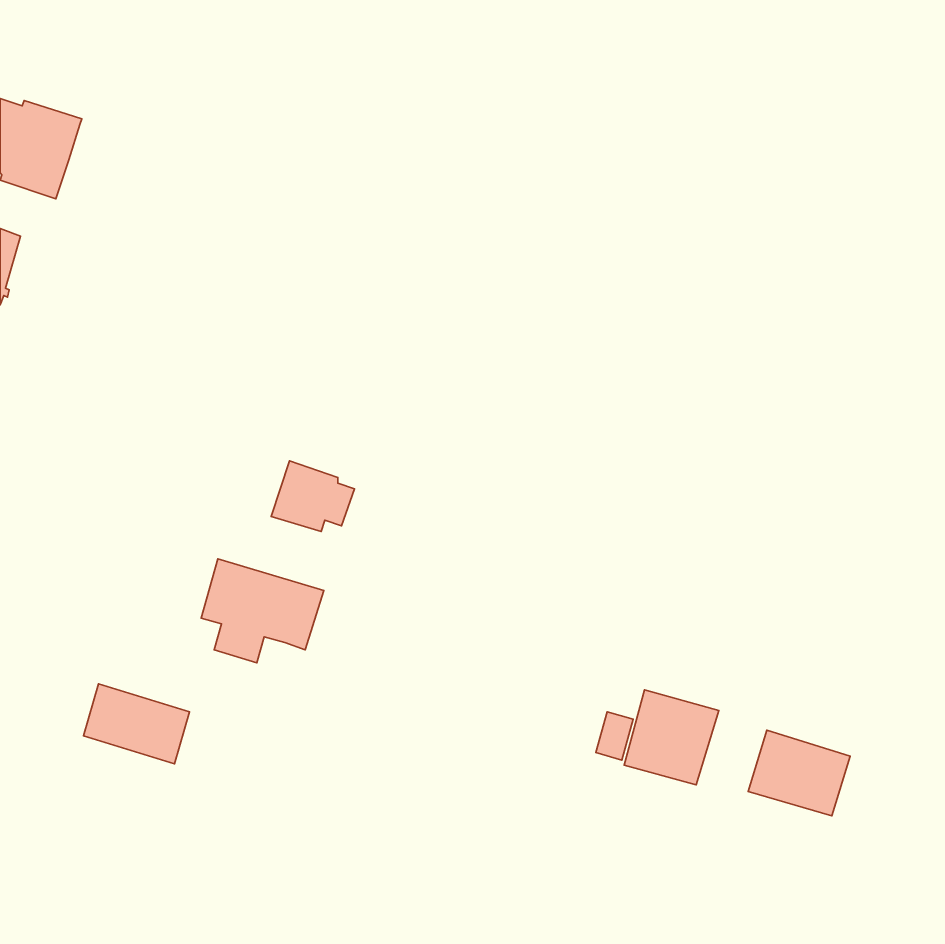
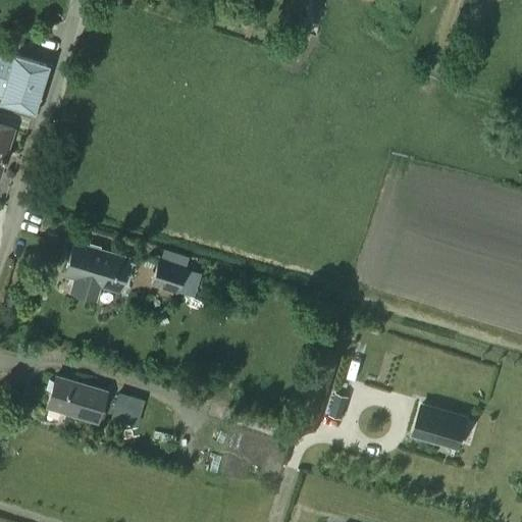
building: [201,559,324,663] -> [65,244,133,301]
building: [624,690,719,785] -> none
building: none -> [111,394,145,428]

